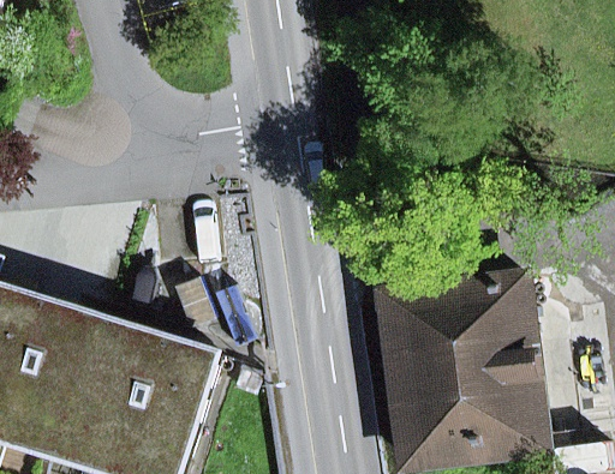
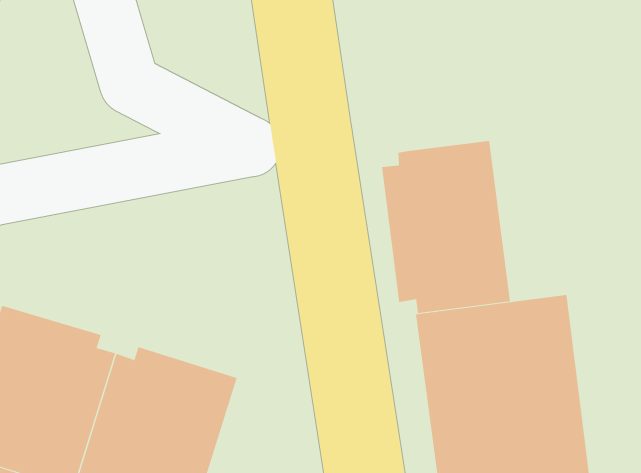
building: none -> [382,140,510,314]

